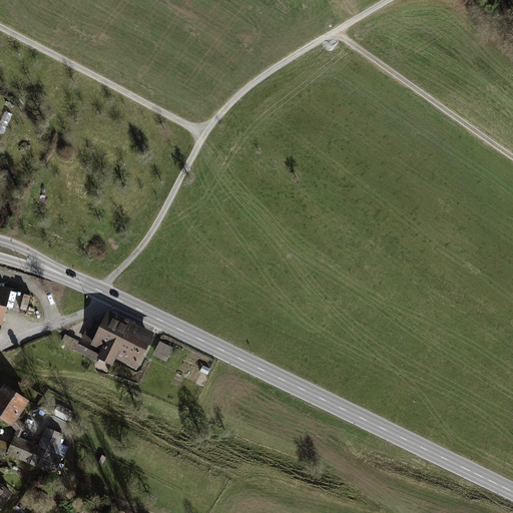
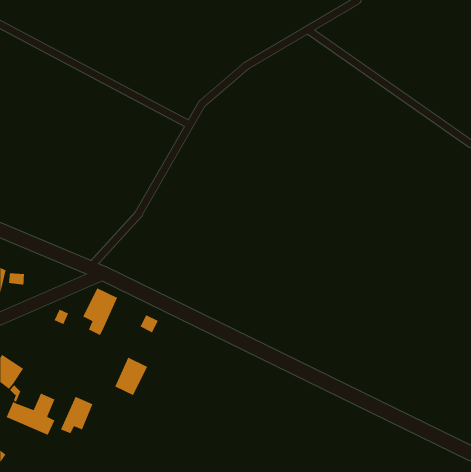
building: [113,323,150,366] -> [114,356,148,396]
building: none -> [60,396,93,434]

